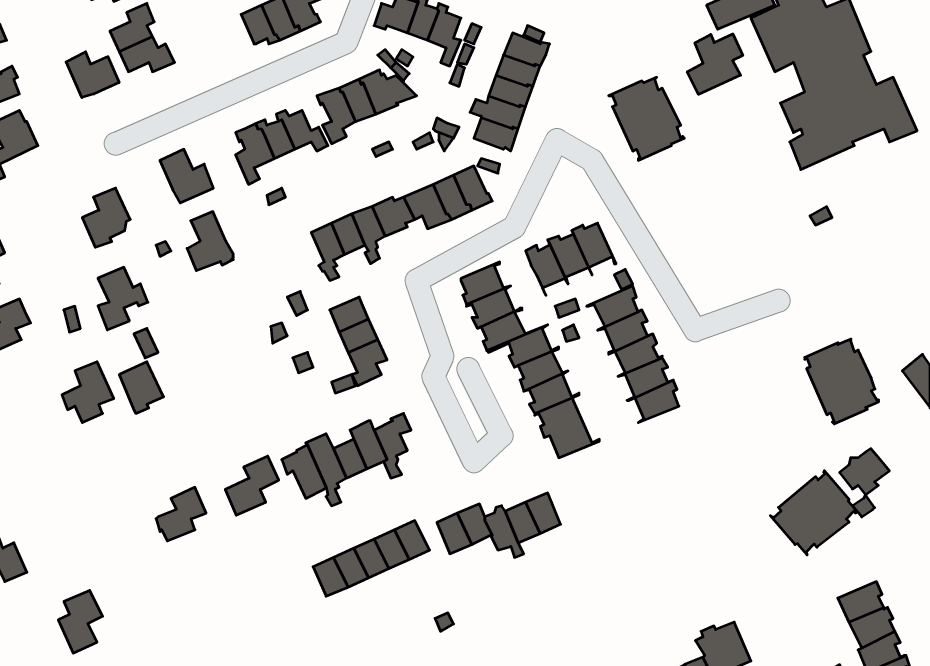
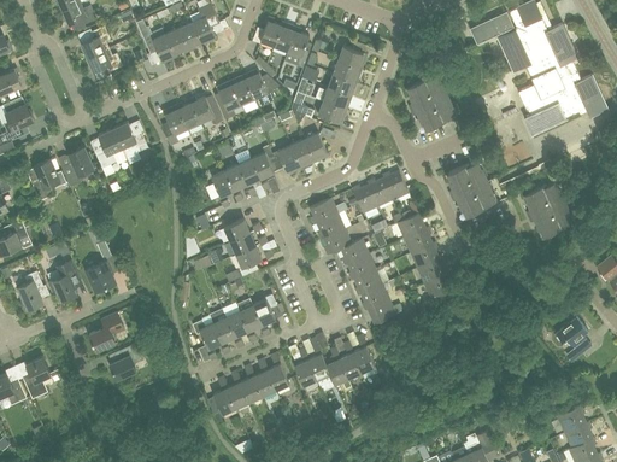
building: none -> [142,34,177,64]
building: [687,34,743,94] -> none
building: [66,52,119,98] -> none
building: none -> [445,162,494,216]
building: [187,212,233,271] -> [95,129,125,168]
building: [98,267,148,330] -> [33,159,65,200]
building: [805,339,879,424] -> [523,181,571,236]
building: none -> [17,271,42,309]
building: [225,456,279,515] -> [88,312,123,351]
building: [770,471,858,555] -> none
building: [58,590,103,653] -> [22,357,51,398]

